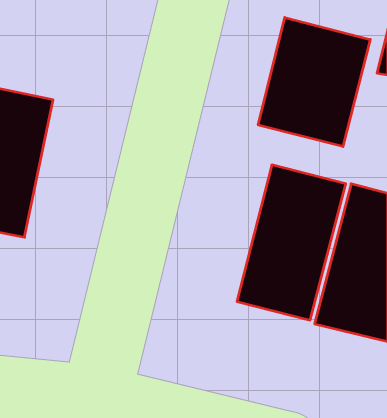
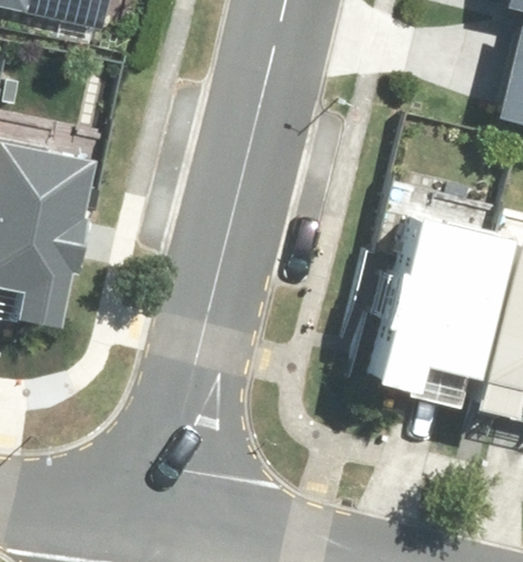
building: [258,17,370,147] -> none

